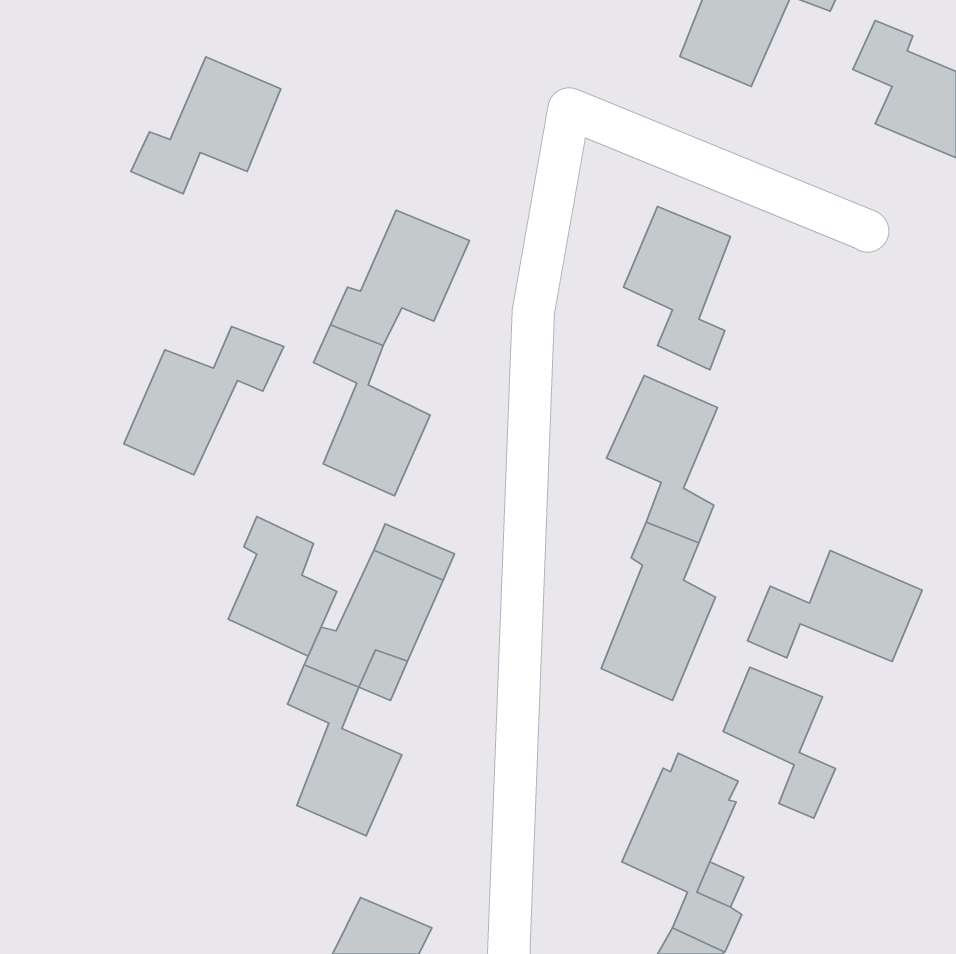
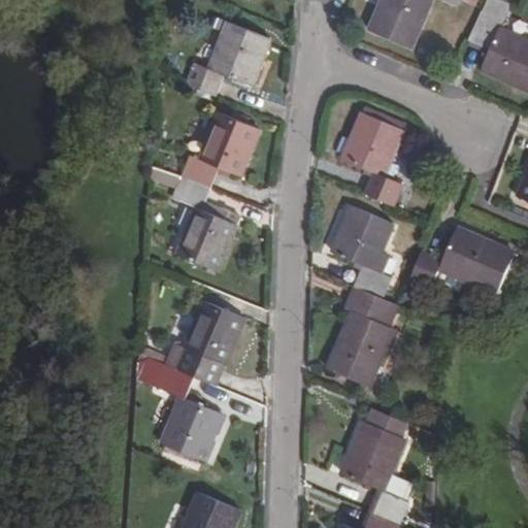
building: [131,57,281,194] -> [187,21,269,96]
building: [124,327,284,475] -> none
building: [228,516,337,656] -> none
building: [748,551,922,661] -> [411,228,507,289]
building: [723,667,835,818] -> none

